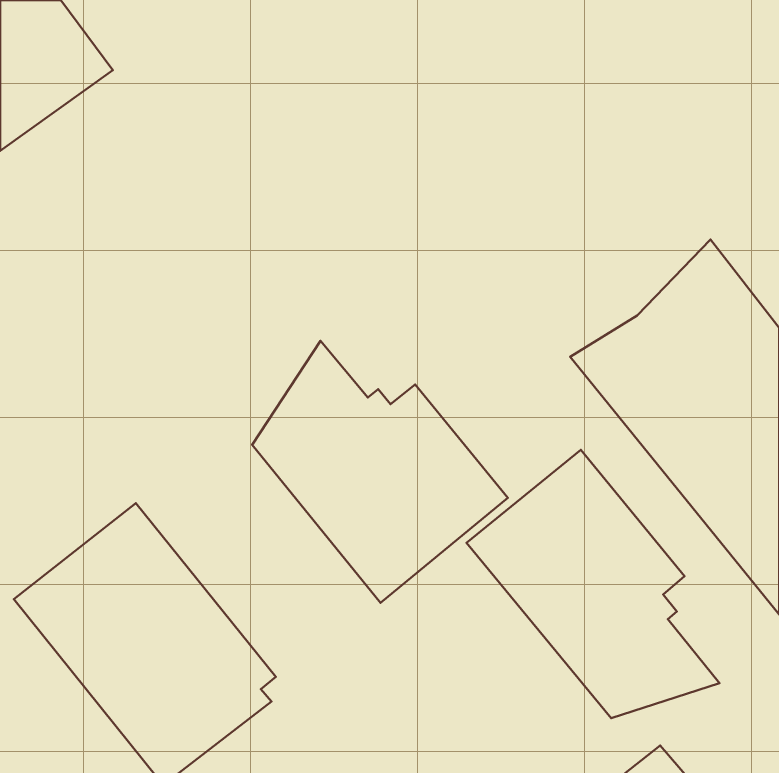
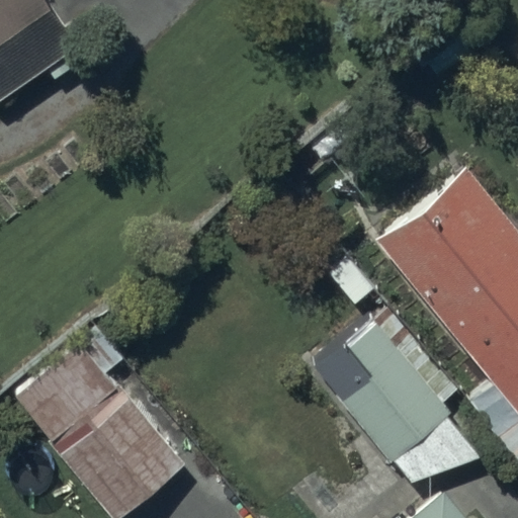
building: [252,341,508,603] -> none

